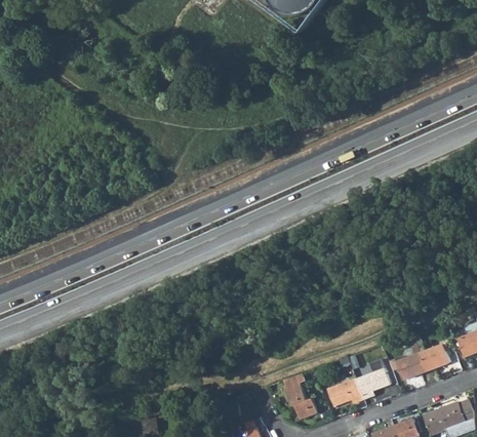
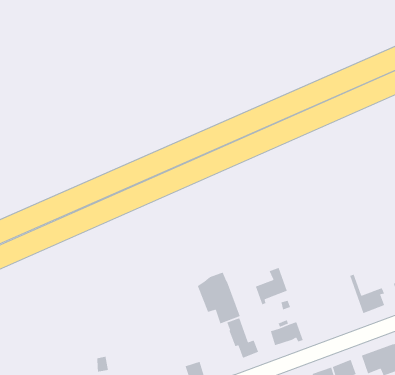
building: none -> [197,272,241,324]
building: [393,336,426,380] -> none
building: [356,358,391,399] -> [255,267,288,306]

